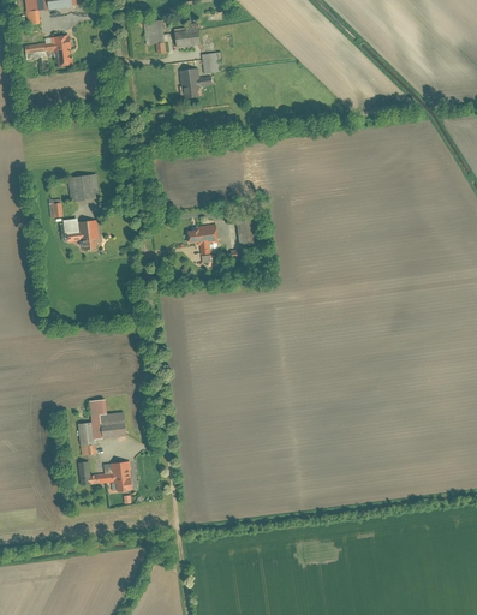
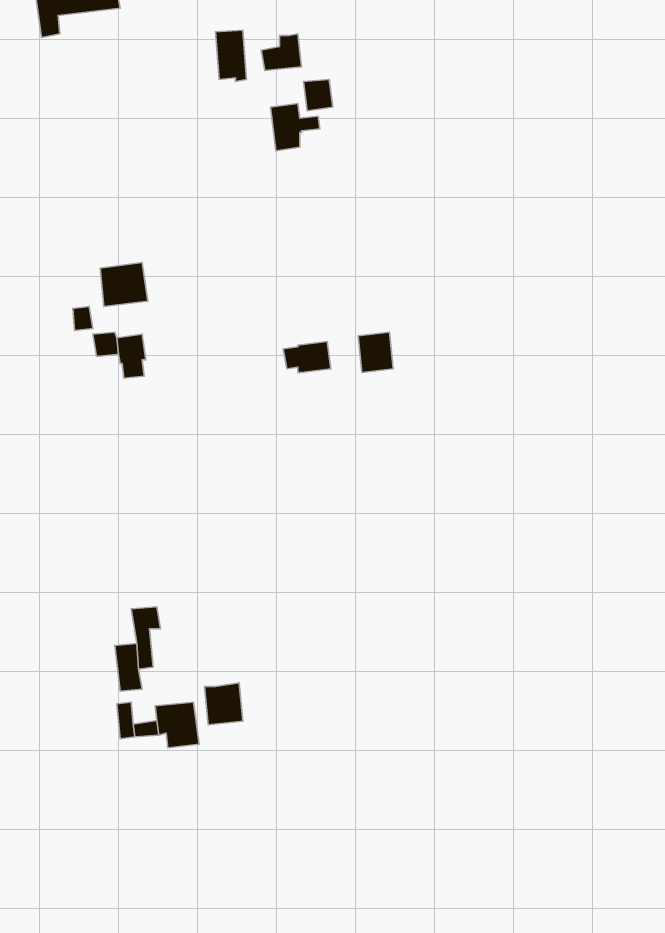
building: [24,31,71,66] -> none
building: [100,411,125,438] -> [204,683,243,725]

